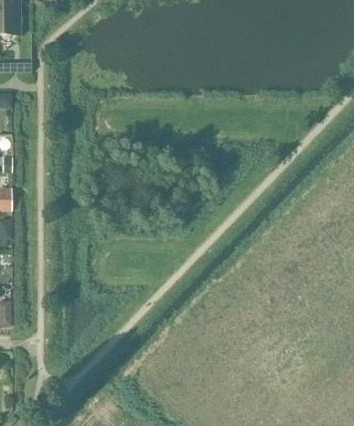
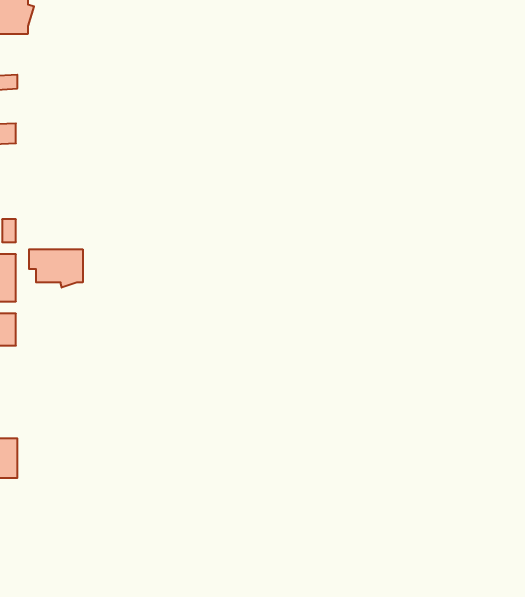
building: none -> [29,249,83,288]

